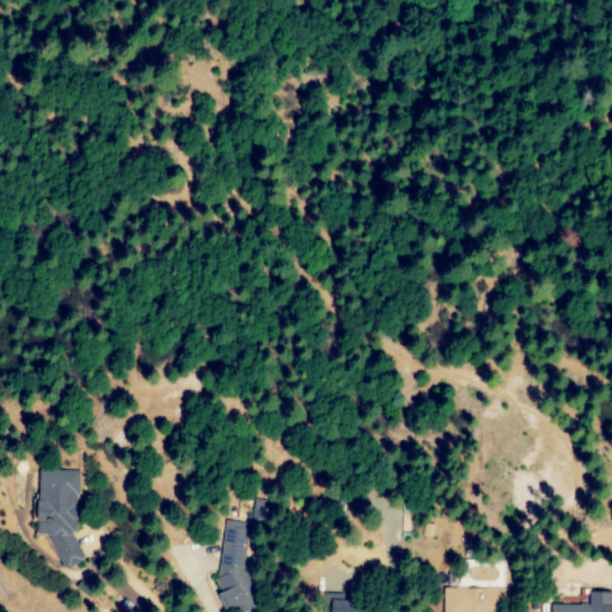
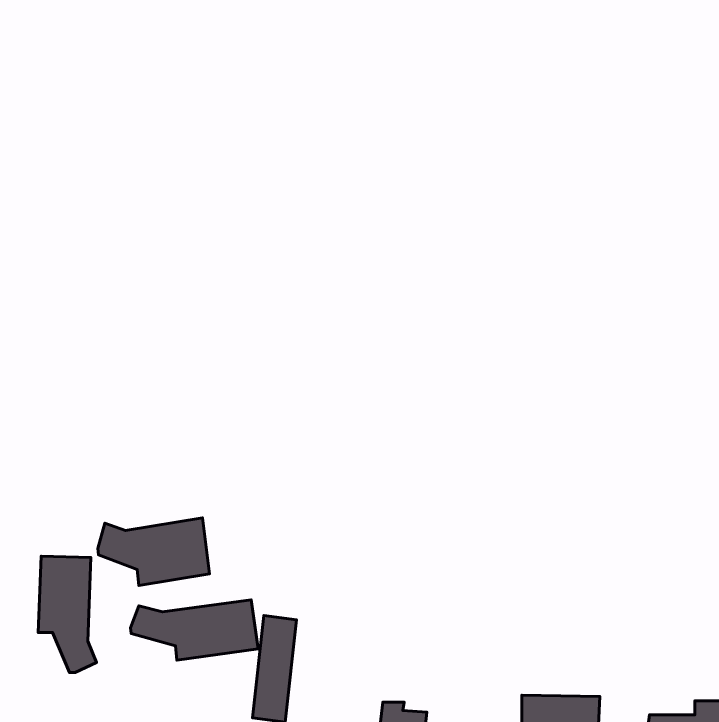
building: none -> [98,518,209,586]
building: none -> [131,600,258,660]

